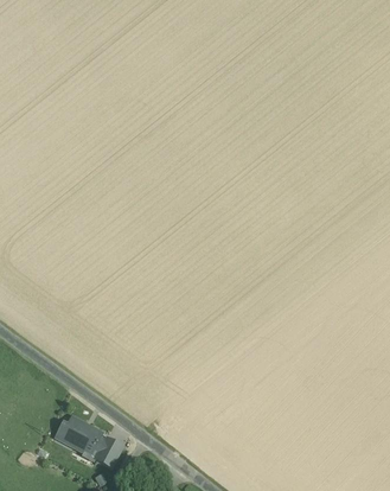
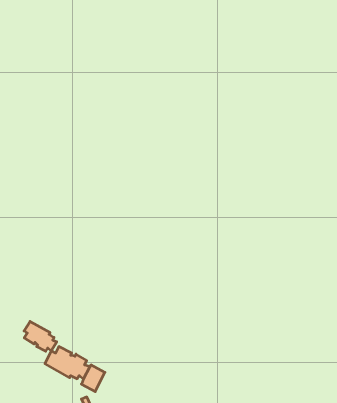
building: none -> [24,321,57,351]

